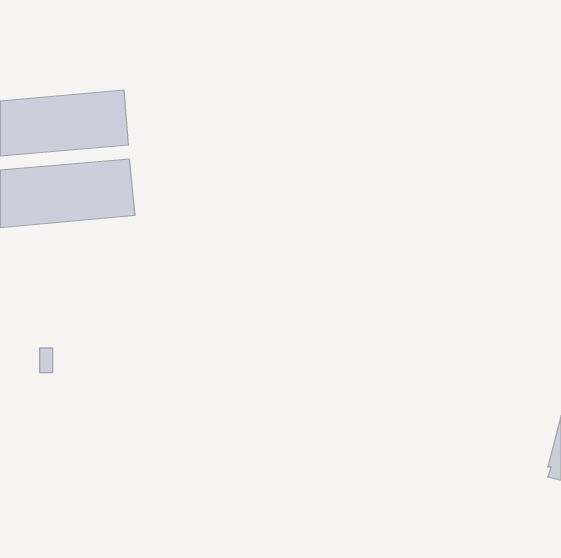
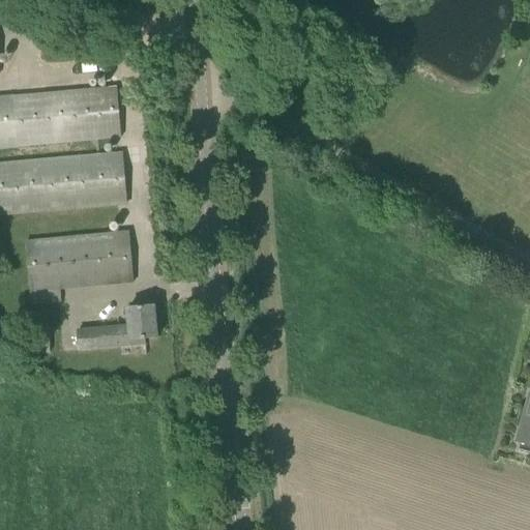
building: none -> [25,229,134,303]
building: none -> [77,305,157,349]

